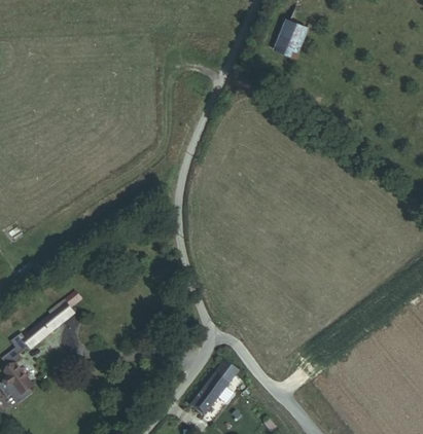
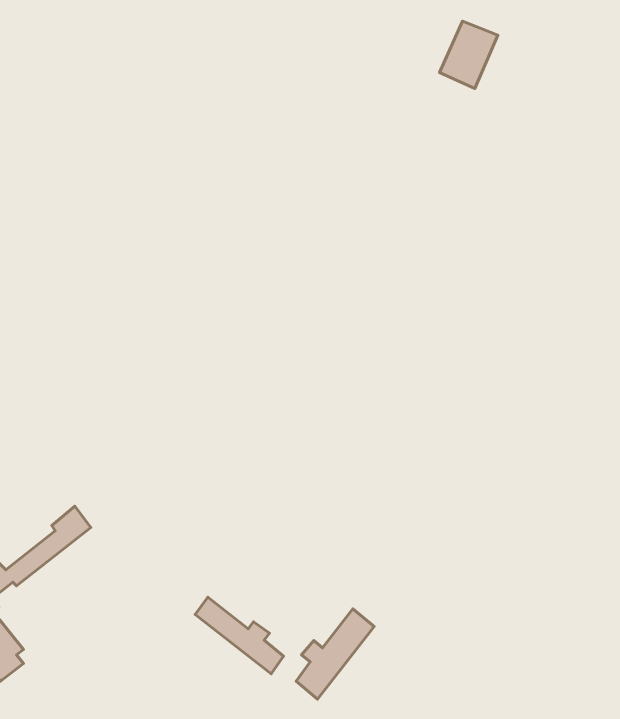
building: none -> [195,597,284,674]

